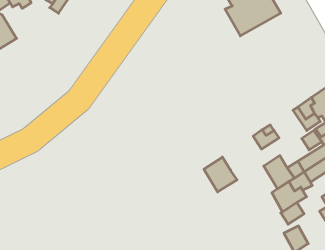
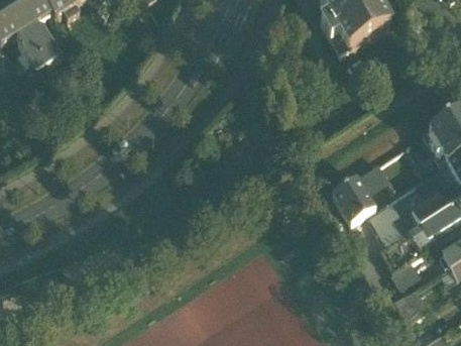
building: [204,157,237,192] -> [333,175,374,218]

